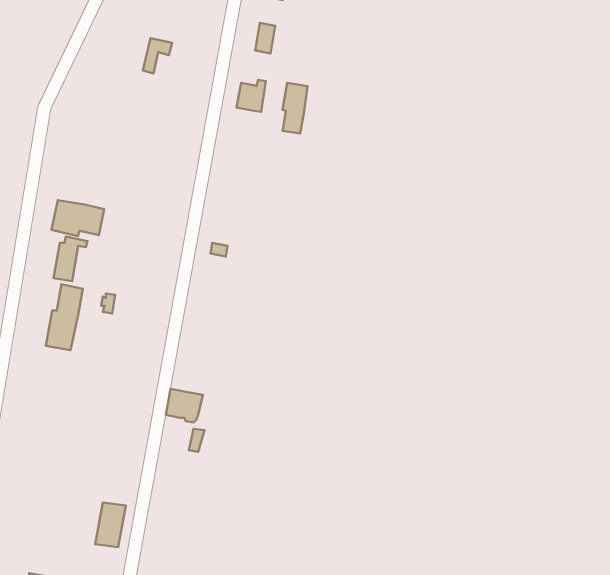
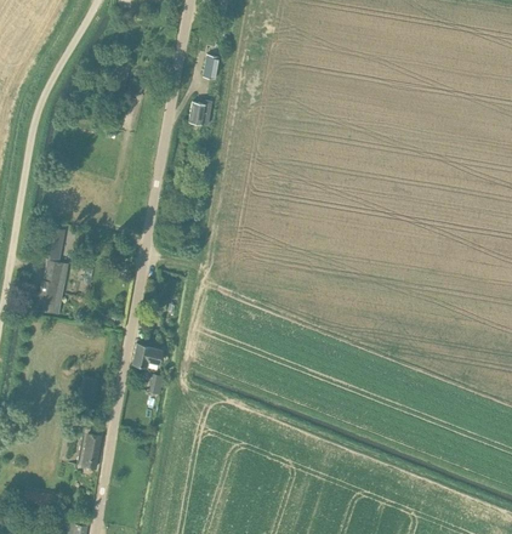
building: [282,83,307,133] -> none
building: [51,200,104,236] -> none

